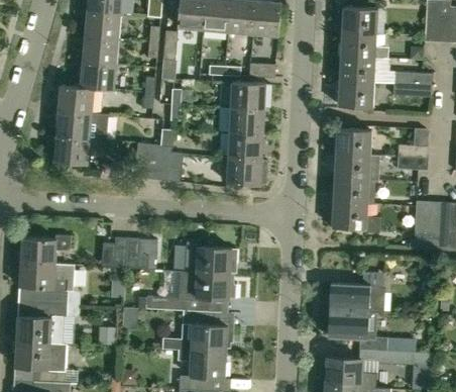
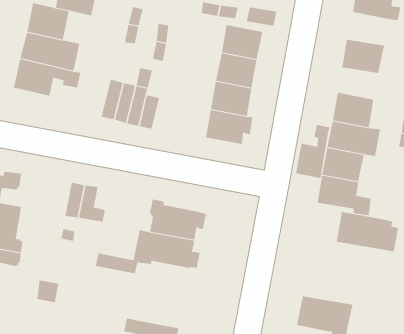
building: [339,57,374,82] -> none
building: none -> [296,124,330,179]
building: [330,283,383,312] -> [336,211,399,252]
building: [162,310,233,353] -> none

